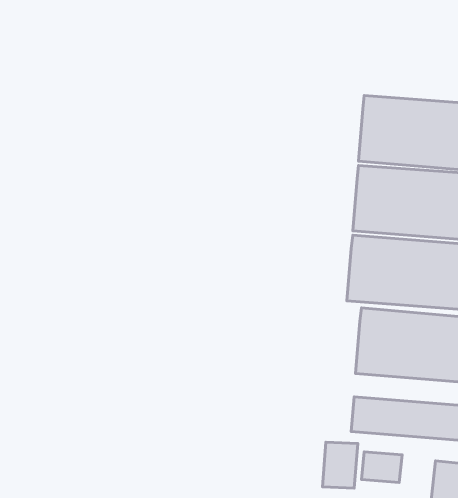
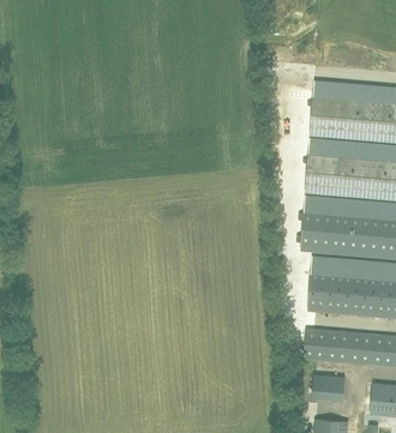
building: [323,442,358,488] -> none

